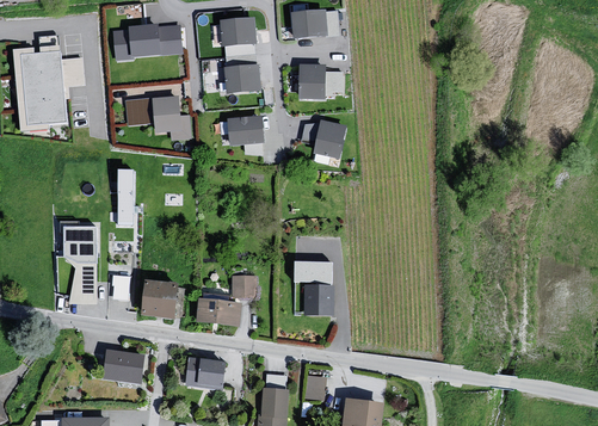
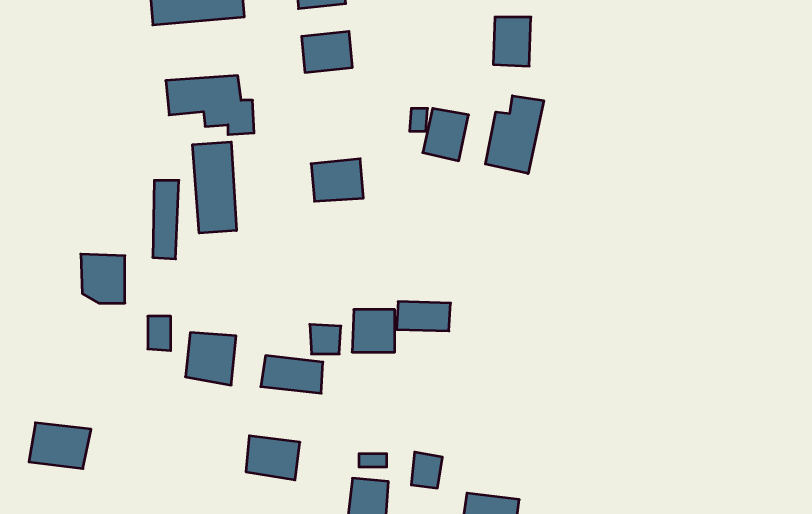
building: [20,50,67,124] -> none
building: [298,62,326,98] -> [493,17,531,66]
building: none -> [485,96,544,174]
building: [226,112,264,143] -> [311,159,363,201]
building: none -> [193,142,236,233]
building: [303,284,334,315] -> [352,310,395,352]
building: [100,350,146,383] -> [29,423,91,469]

